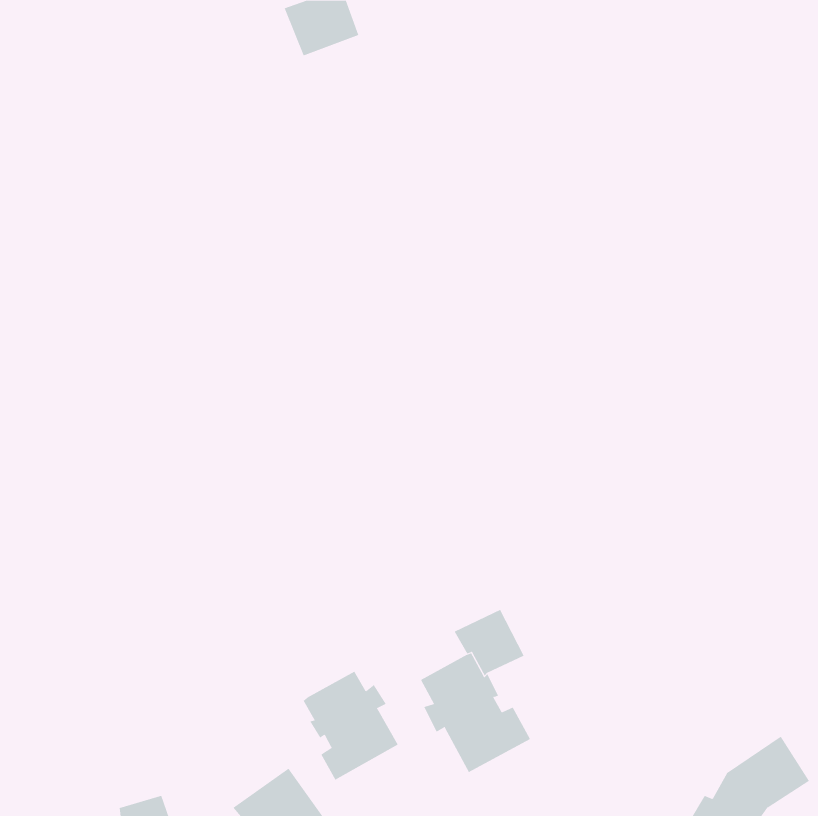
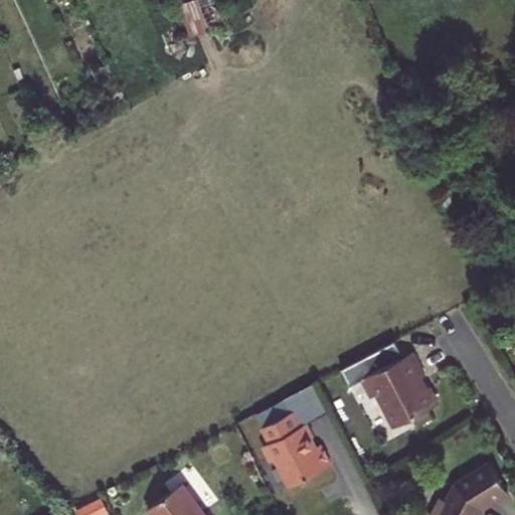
building: none -> [333,345,436,432]
building: [303,671,399,781] -> none

